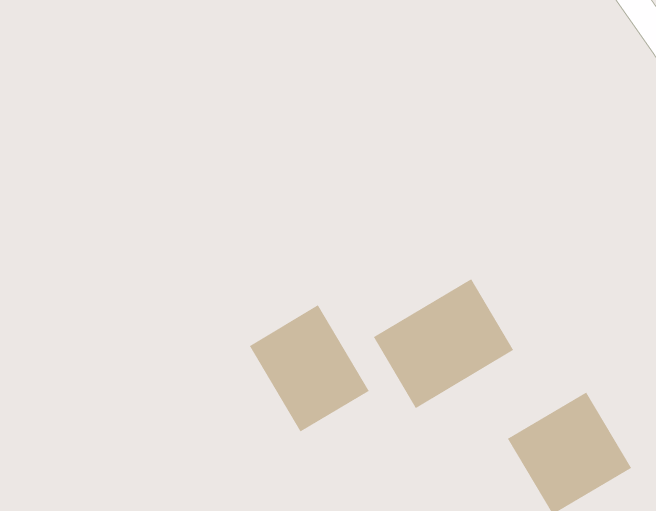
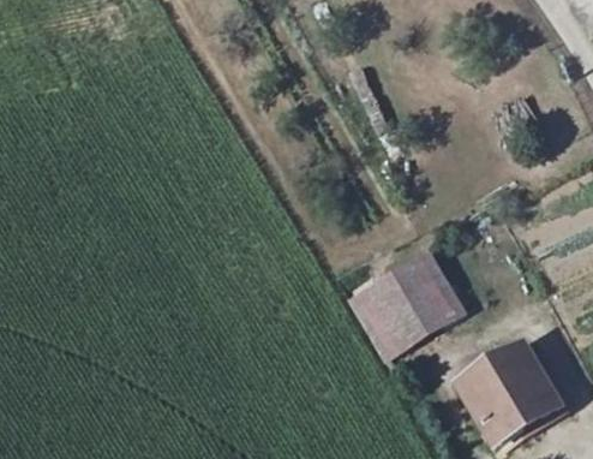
building: [249,304,370,433] -> none

